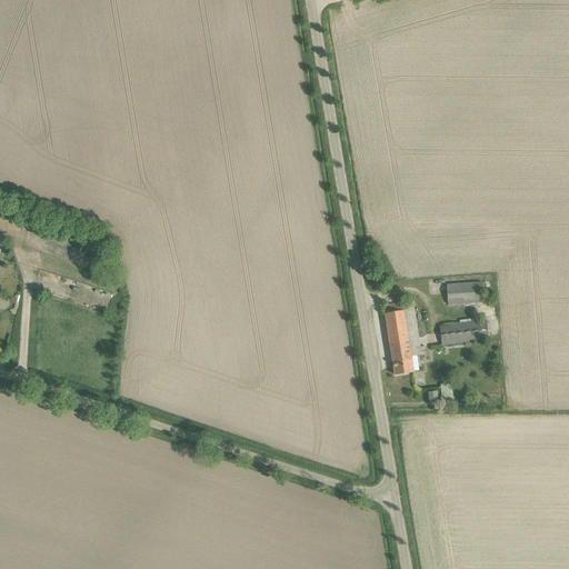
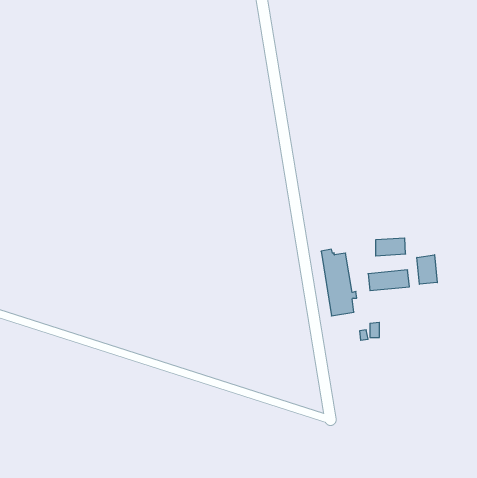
building: none -> [417,255,437,284]

